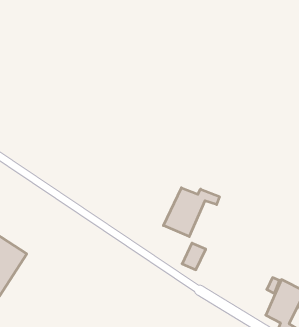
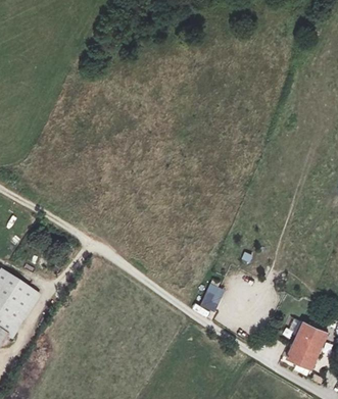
building: [163,188,219,237] -> none

